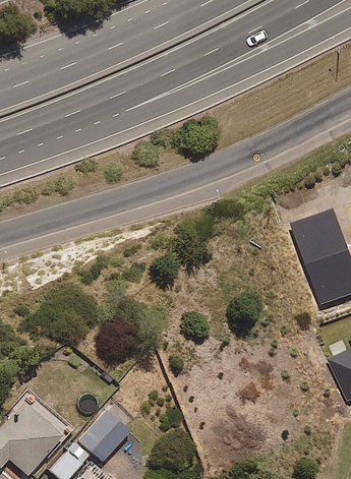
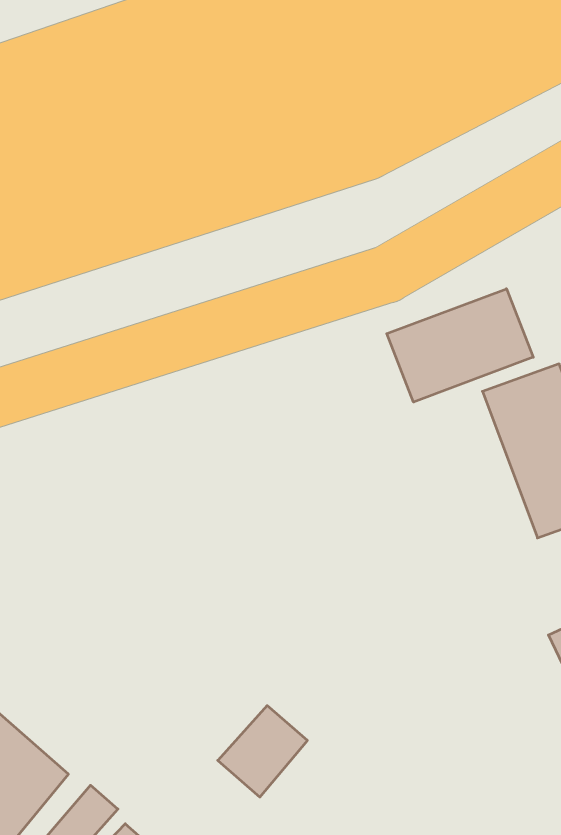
building: none -> [387,289,533,402]
building: [78,411,128,462] -> [218,706,307,797]

